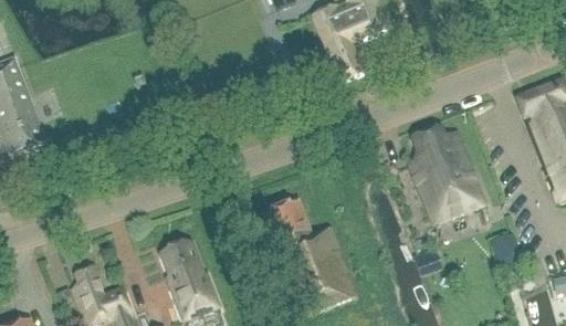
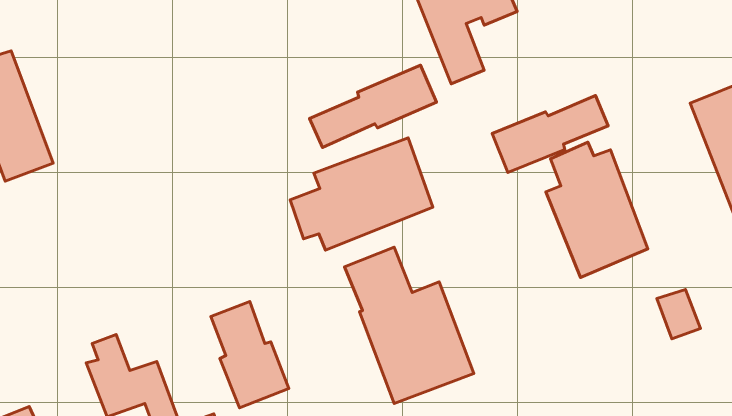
building: none -> [310,65,436,148]
building: none -> [492,96,608,172]
building: none -> [290,138,433,250]

